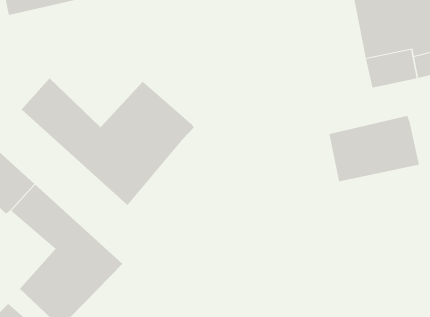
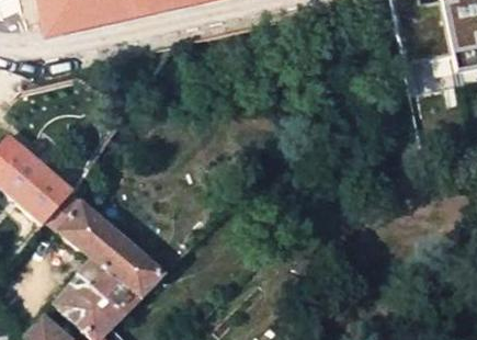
building: [21,77,195,206] -> none
building: [329,115,420,182] -> none

